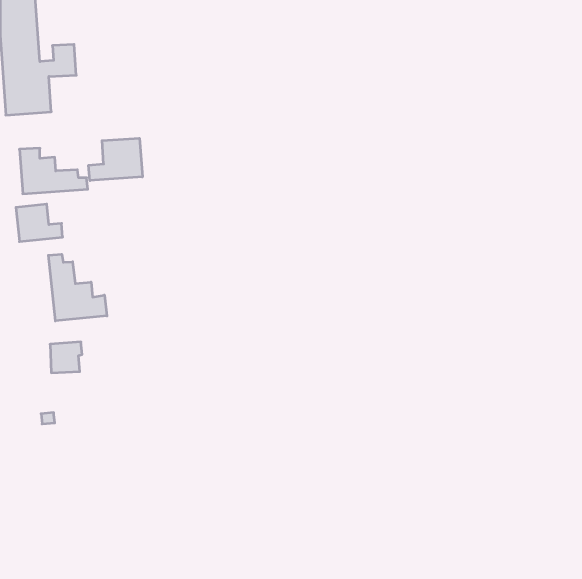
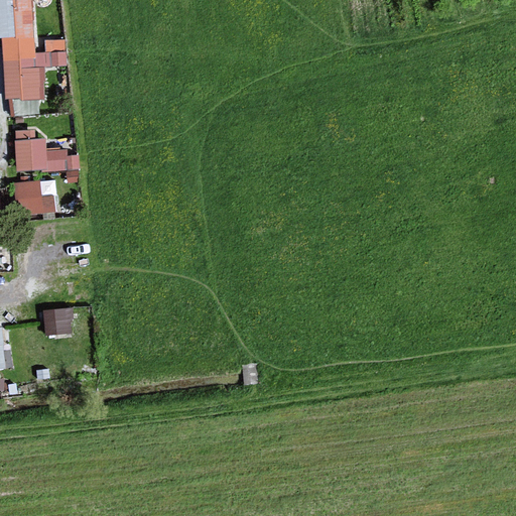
building: [89,138,142,181] -> none
building: [48,254,107,321] -> none

